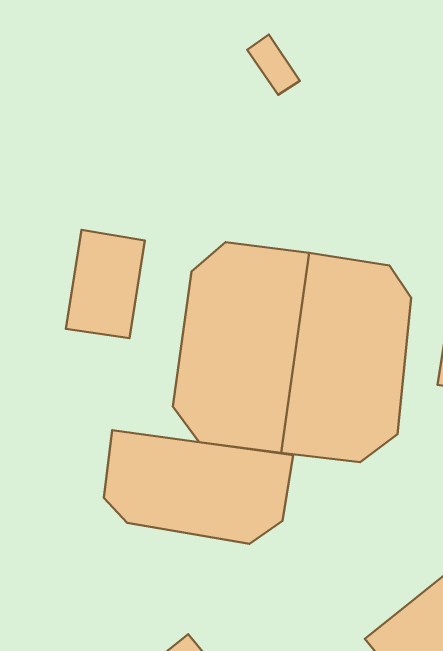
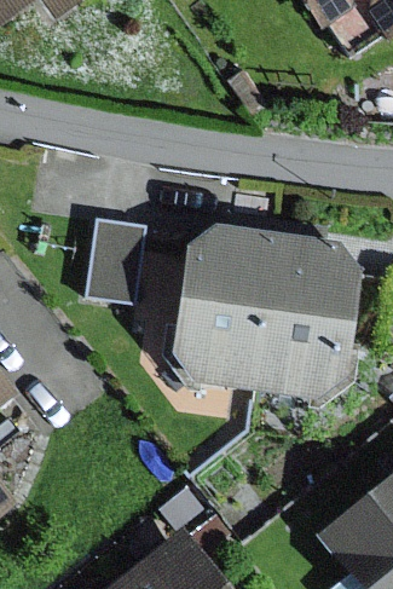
building: [104,430,293,544] -> none

